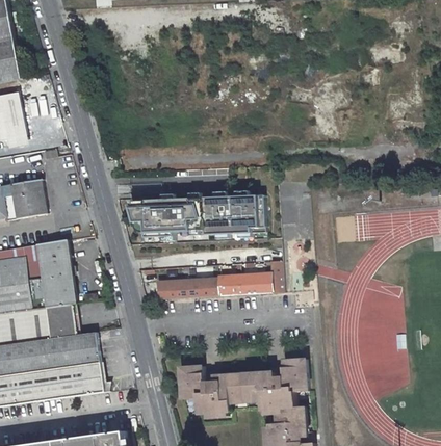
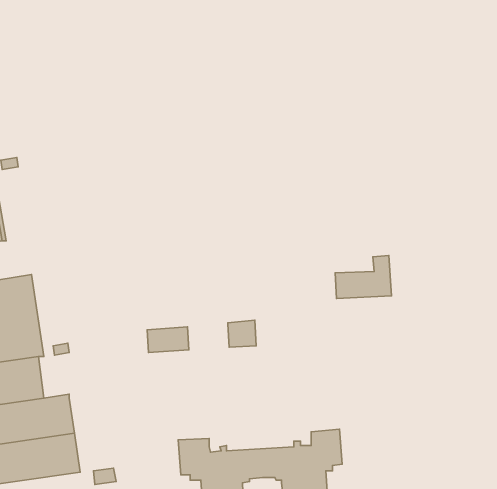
building: [130,194,264,237] -> none
building: [238,261,282,294] -> [335,255,392,298]
building: [186,278,218,297] -> none

